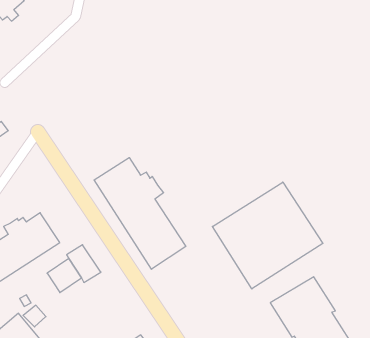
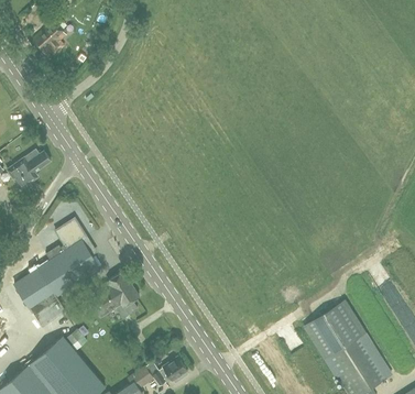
building: [94,158,186,269] -> none
building: [212,182,323,289] -> none

